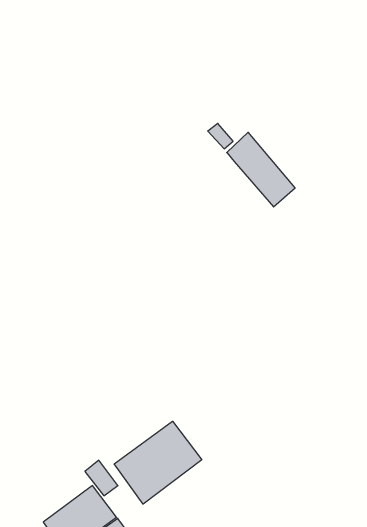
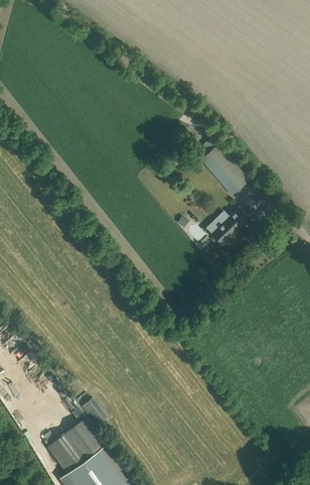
building: none -> [210,208,248,245]
building: [114,421,202,504] -> none

